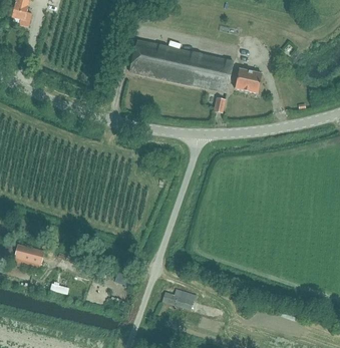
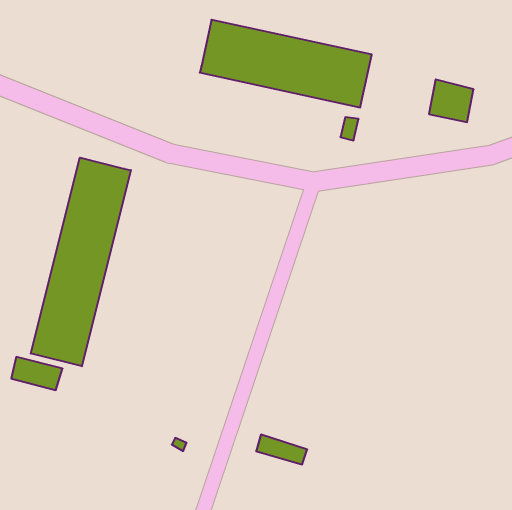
building: [235,67,262,93] -> [429,79,474,122]
building: none -> [31,158,131,366]

